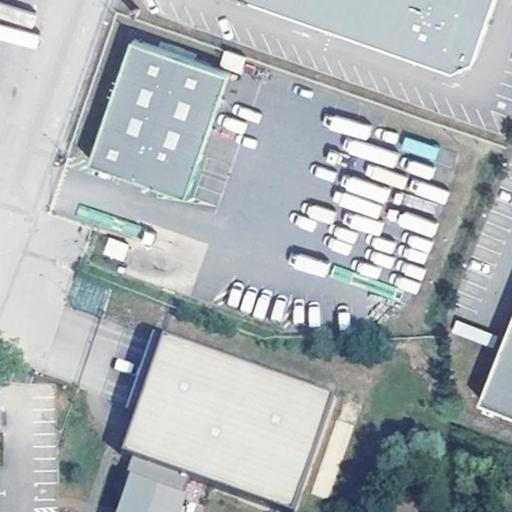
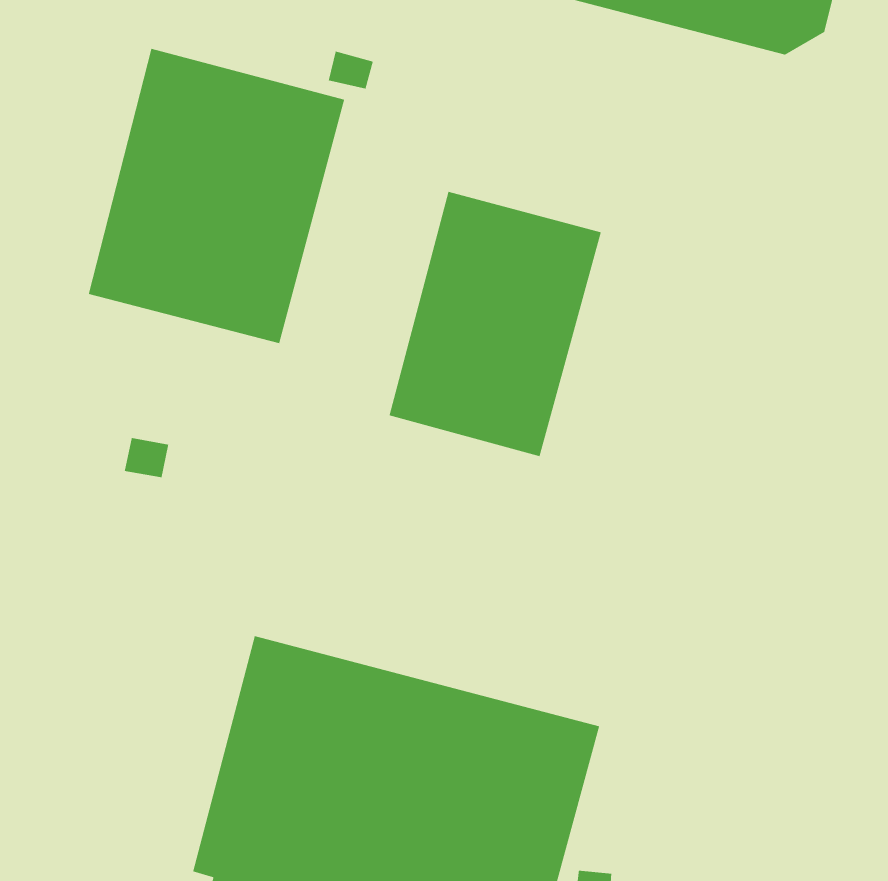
building: none -> [389,191,602,457]

